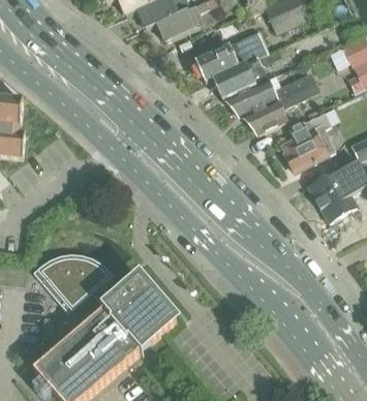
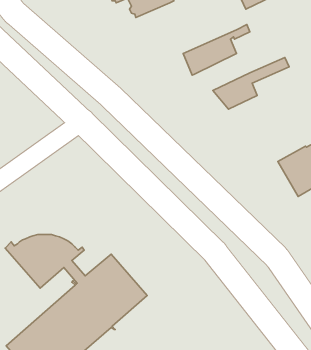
building: [193,31,266,81] -> none
building: [223,71,314,116] -> none
building: [283,111,334,171] -> none

